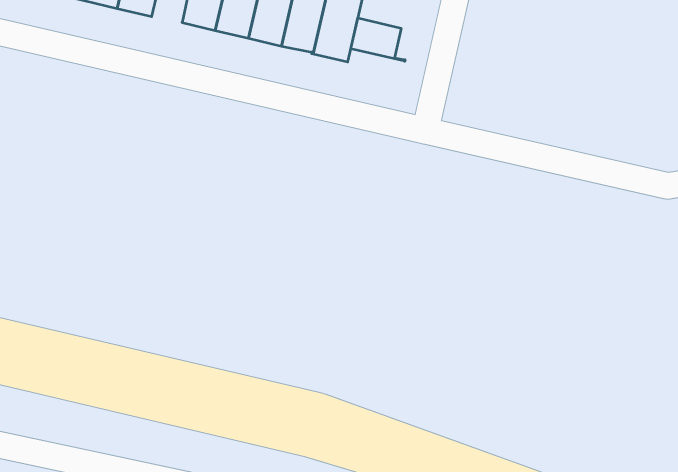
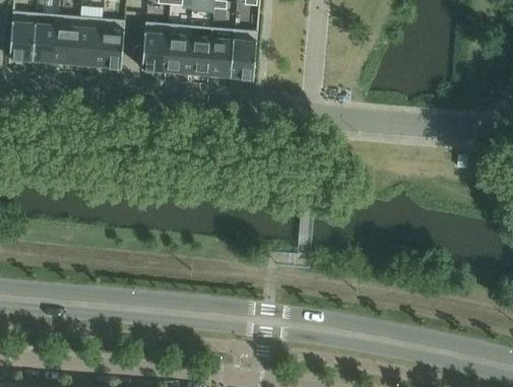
building: [351,18,405,61] -> none

